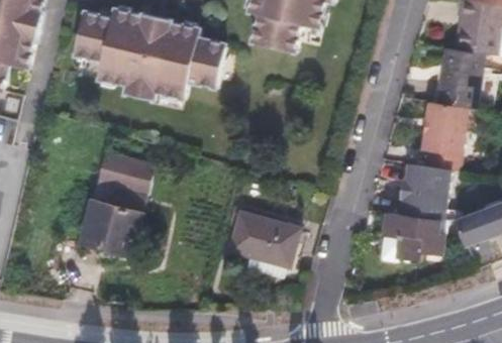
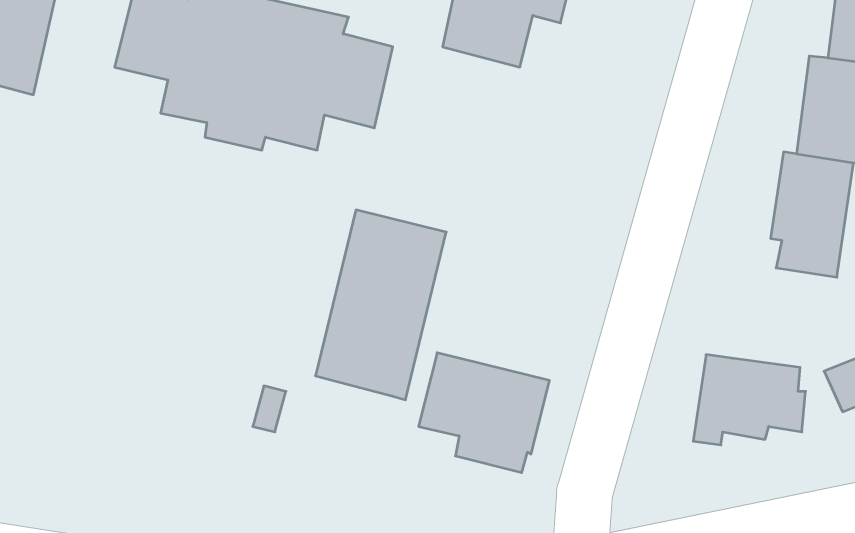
building: [84,149,156,253] -> [315,210,446,400]
building: [403,163,454,219] -> none

